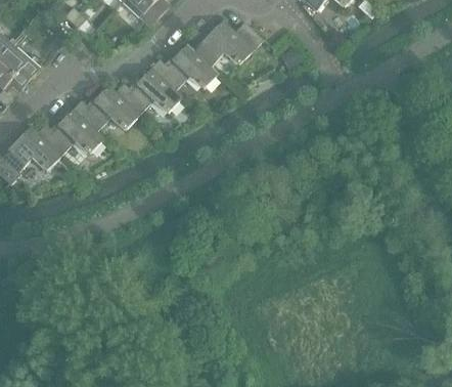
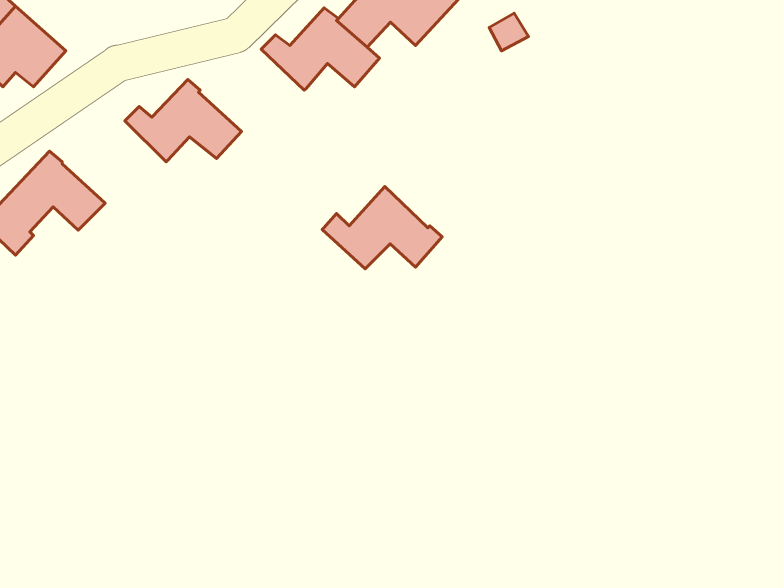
building: [115,68,183,115] -> [322,187,442,269]
building: [37,109,104,156] -> none

